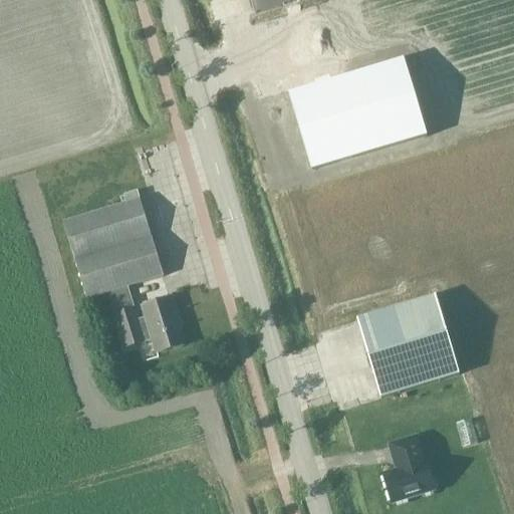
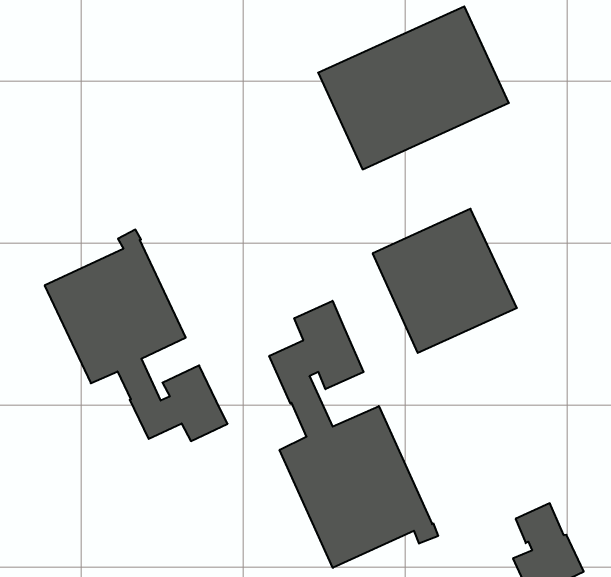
building: none -> [269,301,438,568]
building: [357,294,459,396] -> [373,209,517,353]

